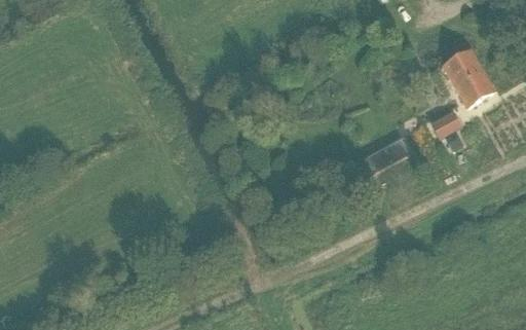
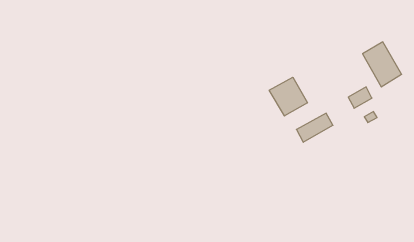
building: none -> [269,77,307,116]

